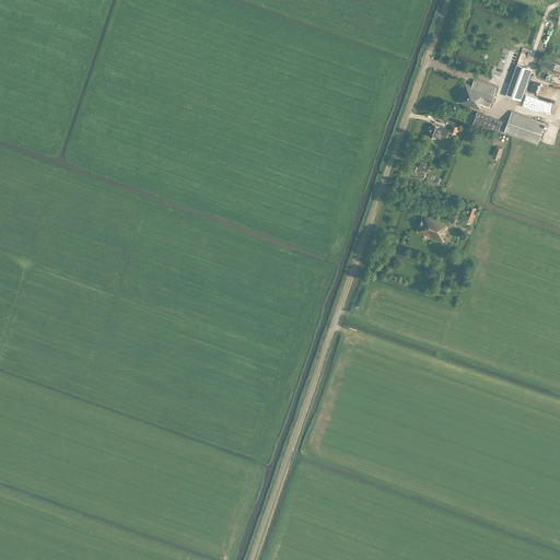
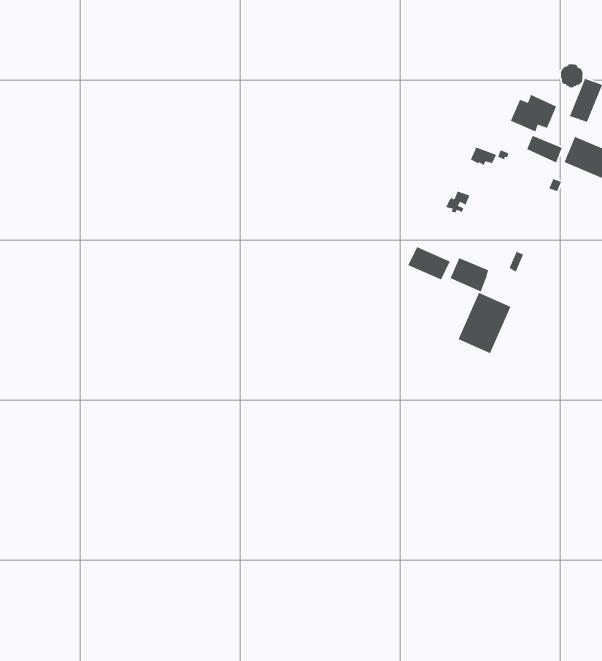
building: none -> [407,246,451,280]
building: none -> [457,292,511,354]

